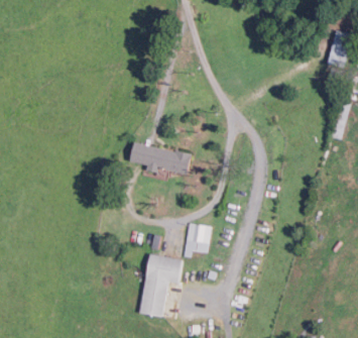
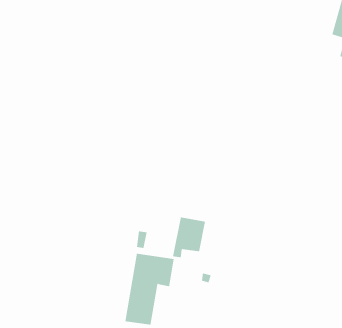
building: [130,142,192,175] -> none

